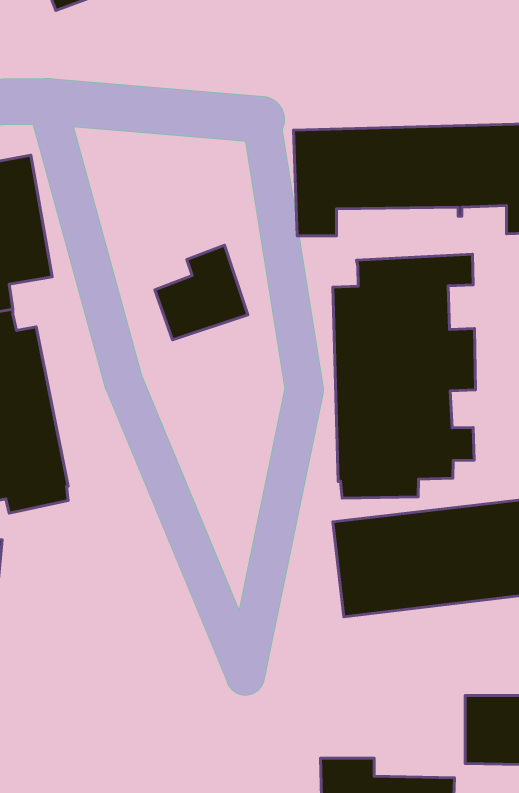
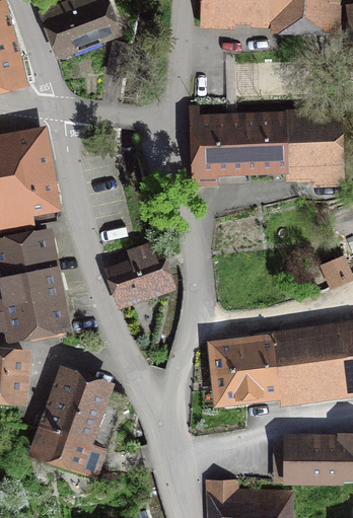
building: [155,245,248,340] -> [112,244,164,298]
building: [333,254,475,498] -> none
building: none -> [38,375,126,473]

